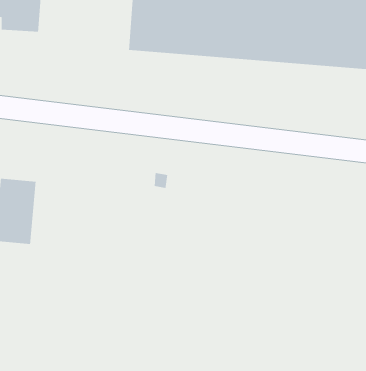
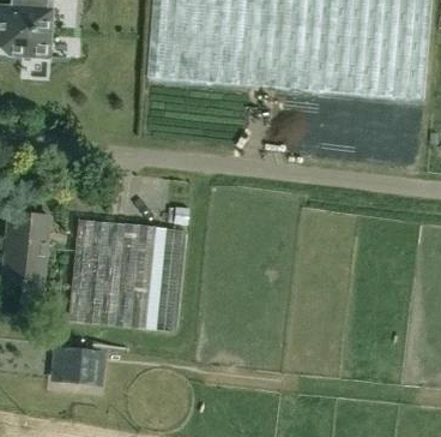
building: none -> [68,218,186,331]
building: none -> [50,345,107,385]

